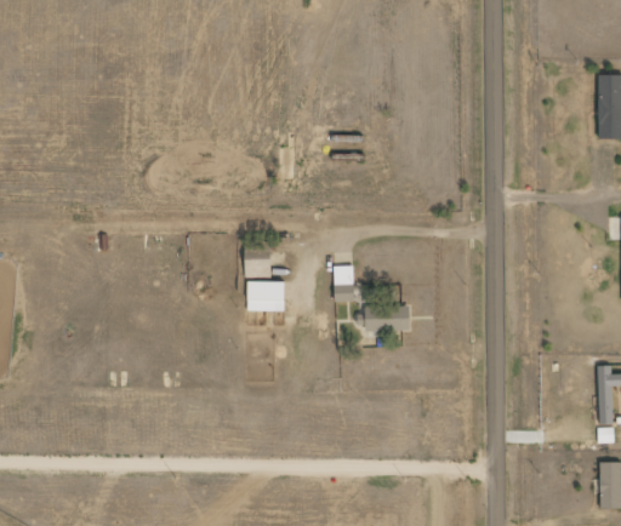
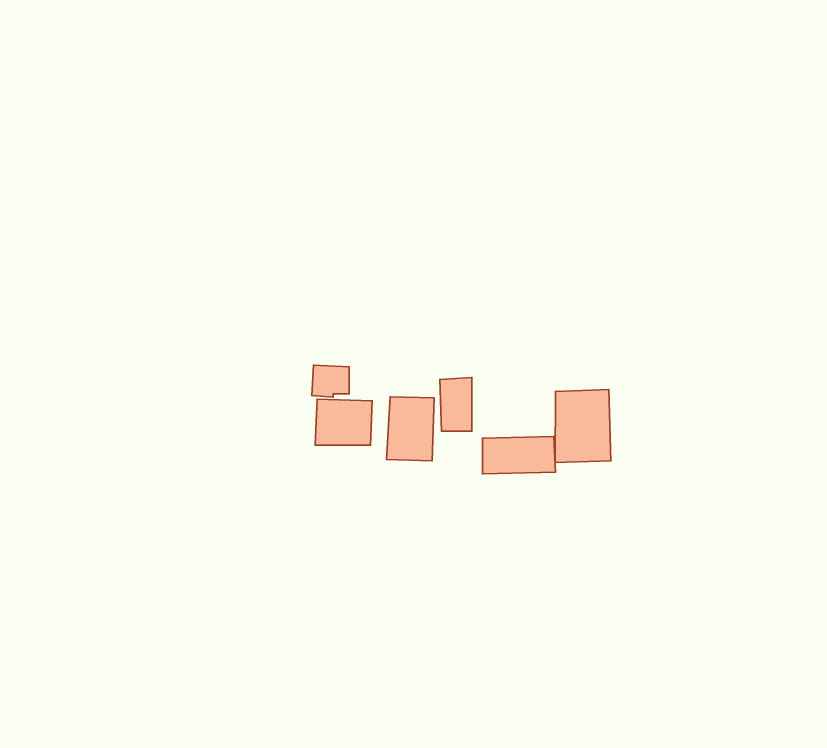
building: none -> [555,390,611,463]
building: none -> [387,397,434,461]

